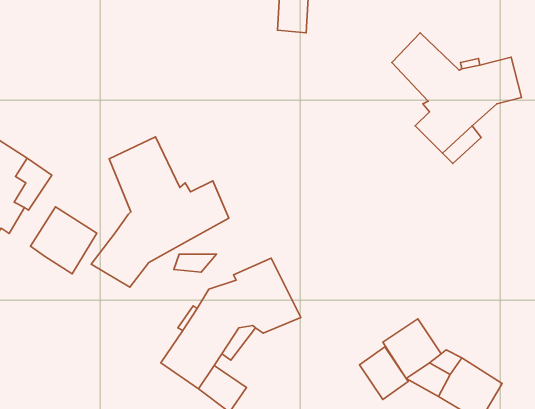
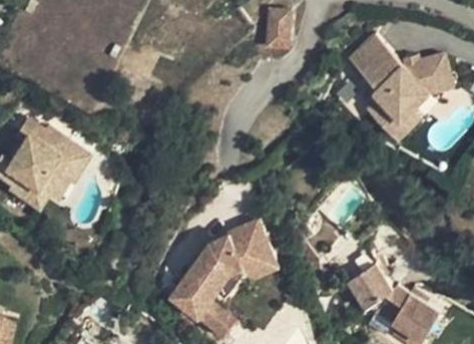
building: [91,137,229,287] -> none
building: [30,207,97,274] -> none
building: [360,347,408,400] -> none

